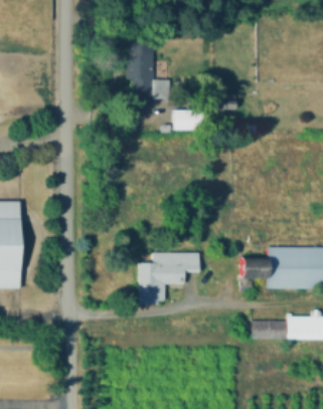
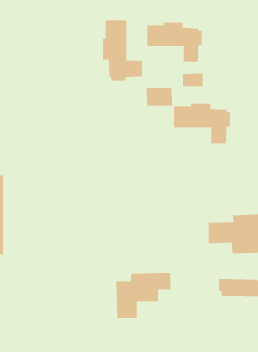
building: none -> [147,22,202,62]
building: none -> [174,103,230,144]
building: [139,251,200,301] -> [116,272,172,318]

